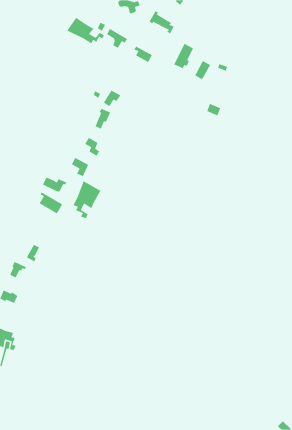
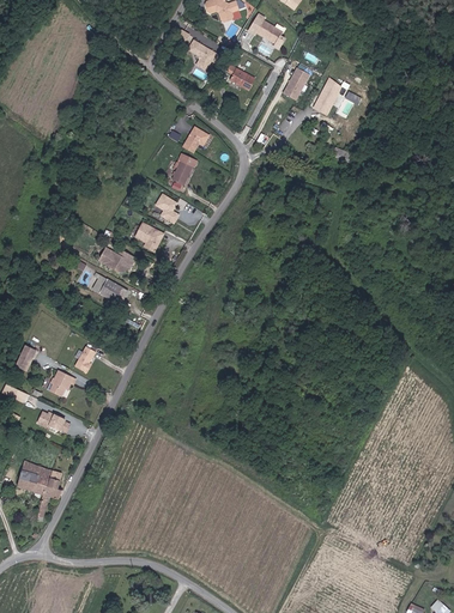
building: [66,17,105,44] -> none
building: [72,180,101,219] -> none

